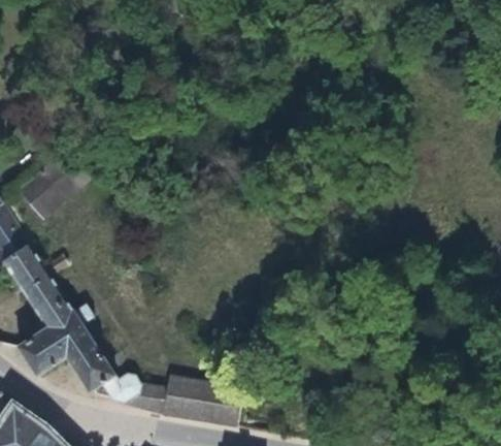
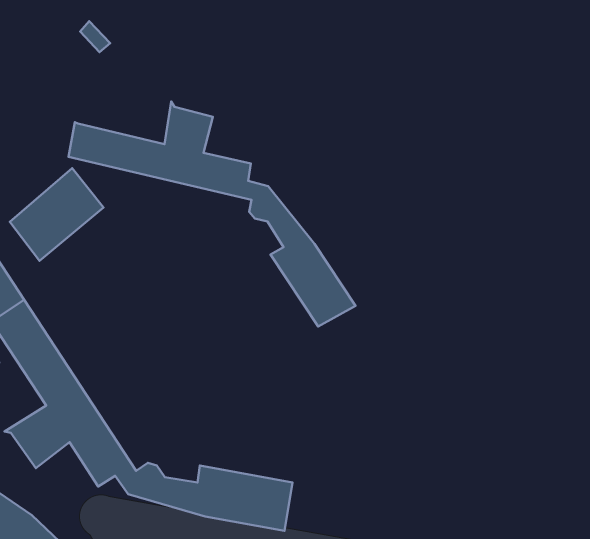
building: none -> [69,102,355,326]

